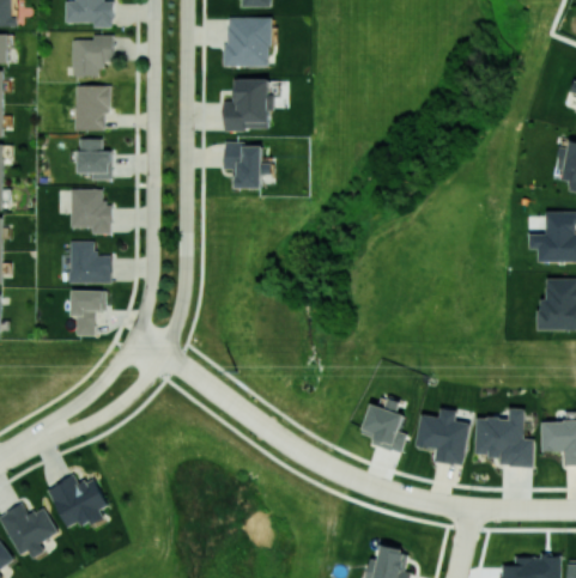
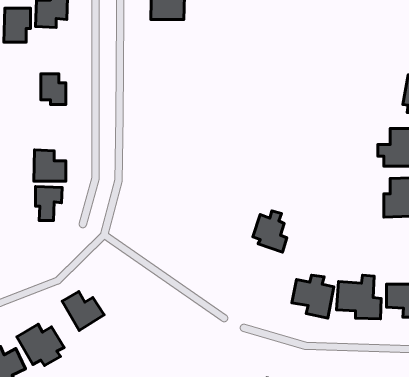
building: [224,79,274,129] -> none
building: [74,85,110,130] -> [4,8,31,42]
building: [223,144,272,188] -> none
building: [69,189,111,233] -> none
building: [362,398,407,454] -> [253,211,287,252]
building: none -> [62,291,104,331]

